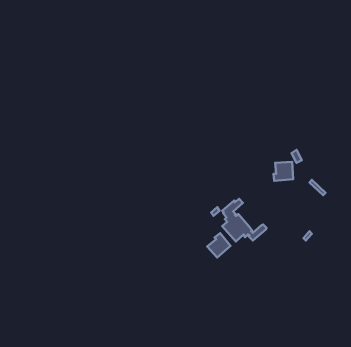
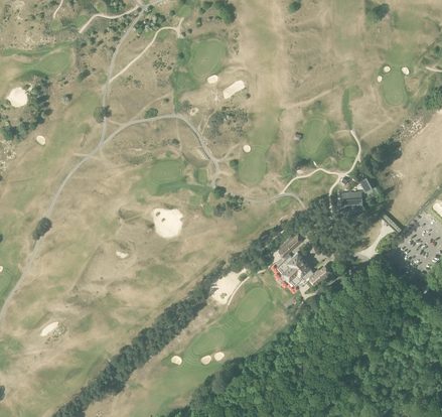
building: [207,233,230,258] -> none

